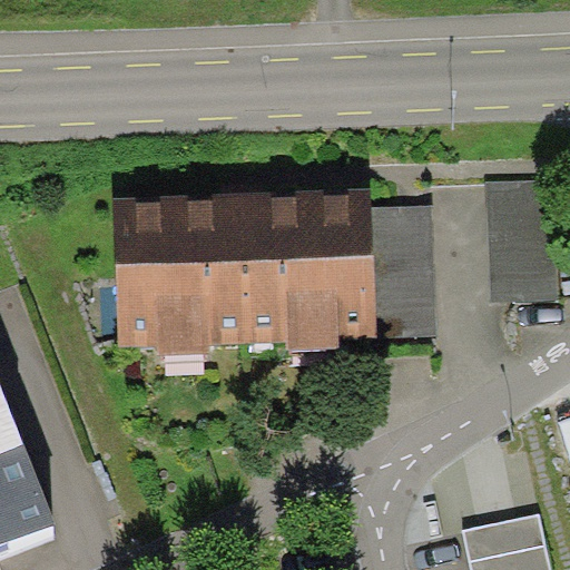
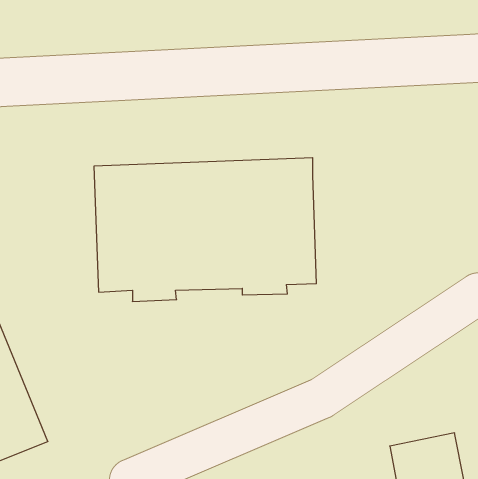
building: [484,180,557,304] -> none
building: [371,207,435,337] -> none

